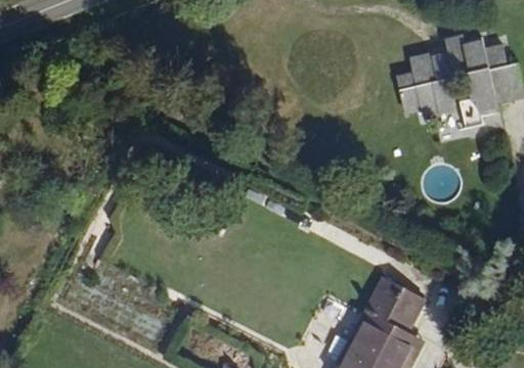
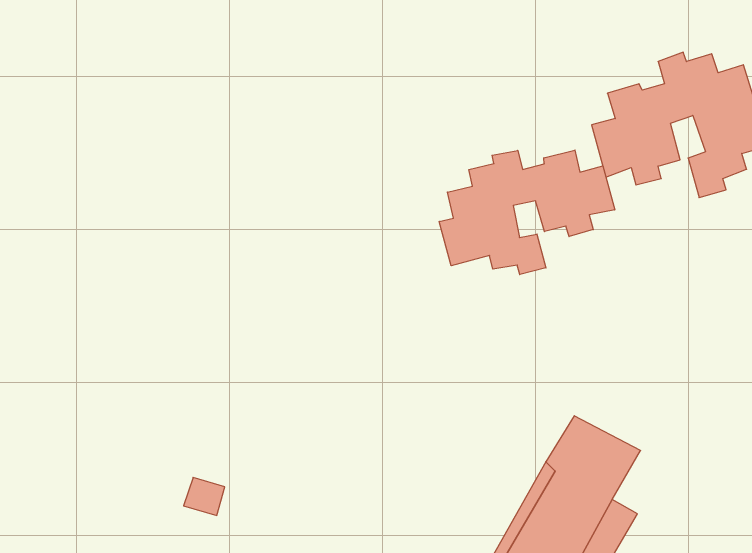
building: none -> [439,150,615,275]

